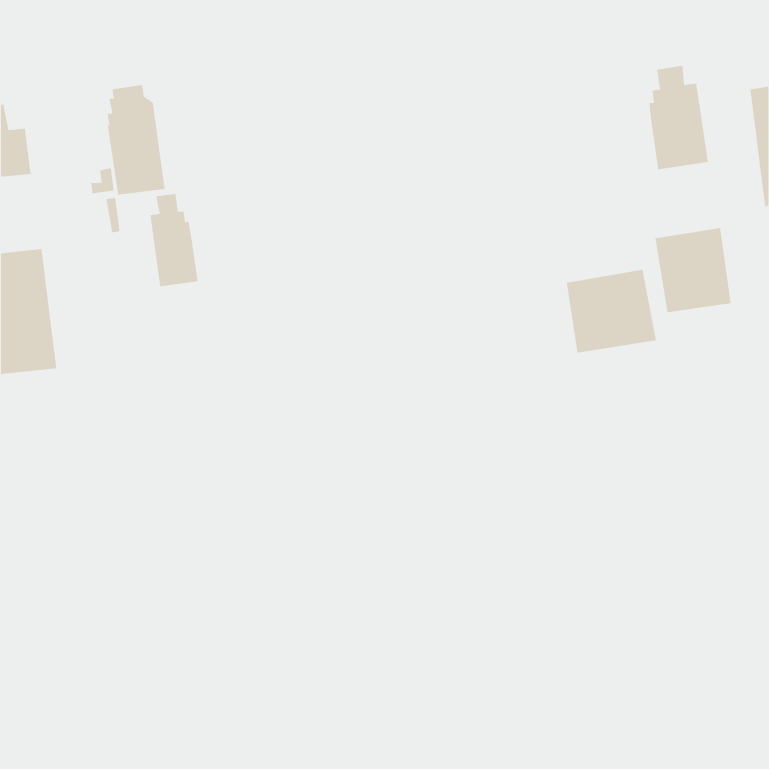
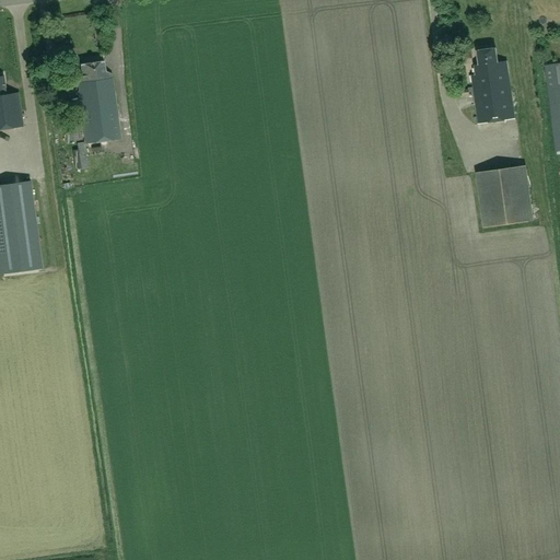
building: [150,193,198,287] -> none
building: [566,269,657,353] -> none

